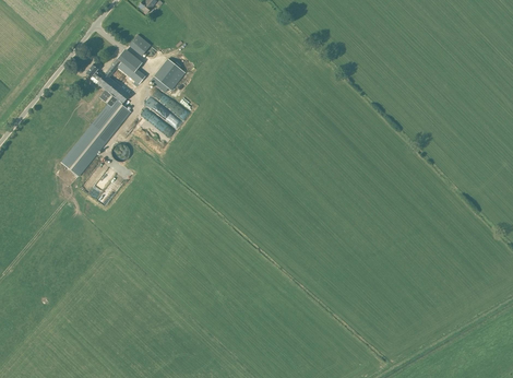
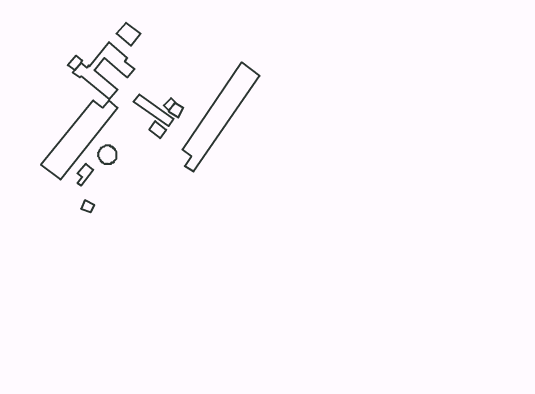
building: [154,59,184,91] -> none
building: none -> [182,62,260,172]

